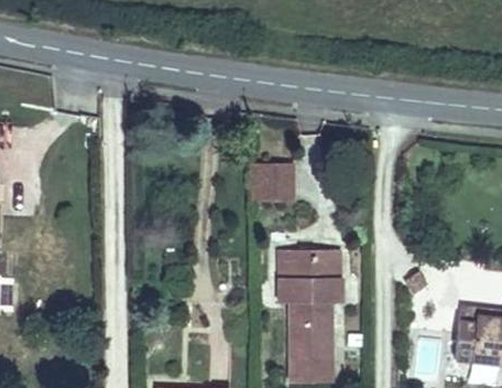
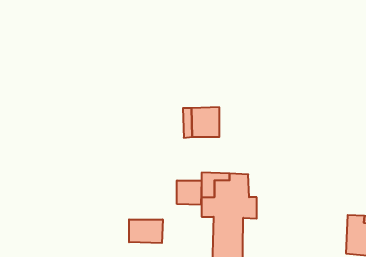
building: none -> [177,180,202,205]
building: none -> [129,219,163,243]

